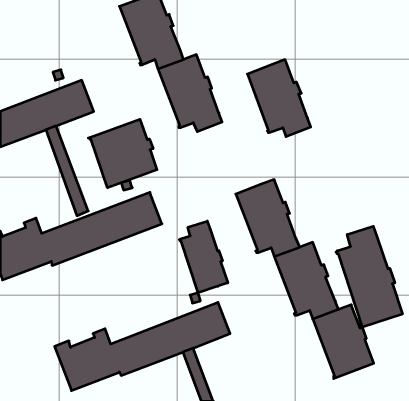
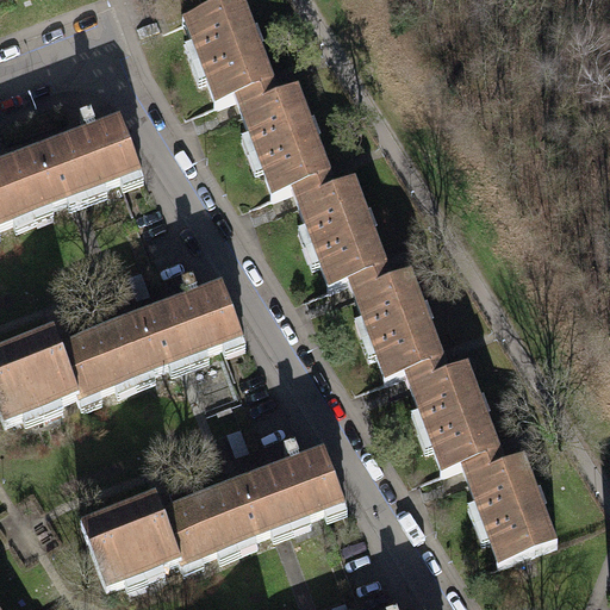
building: [247,60,311,137] -> [294,174,388,288]
building: [88,119,157,188] -> none
building: [179,221,228,293] -> none
building: [336,226,402,327] -> none

